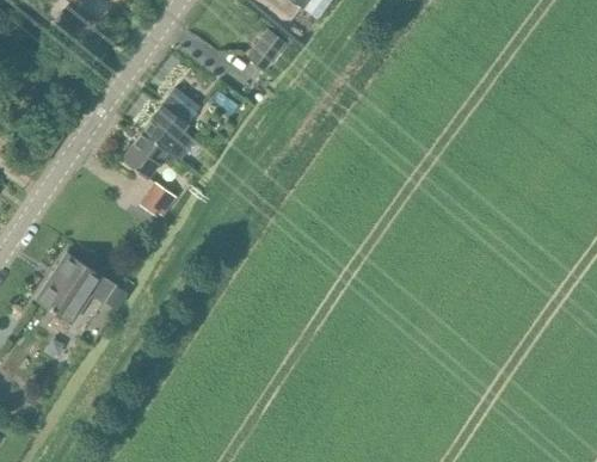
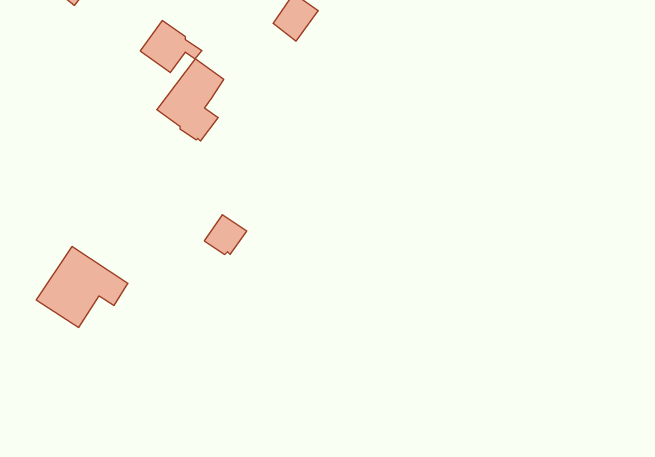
building: [122,133,176,178] -> [140,21,202,73]
building: [140,181,177,216] -> [204,215,247,254]

